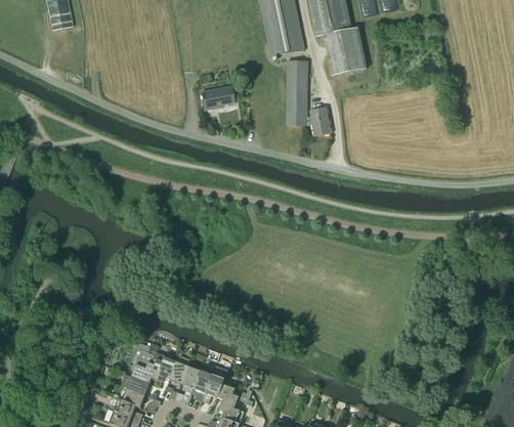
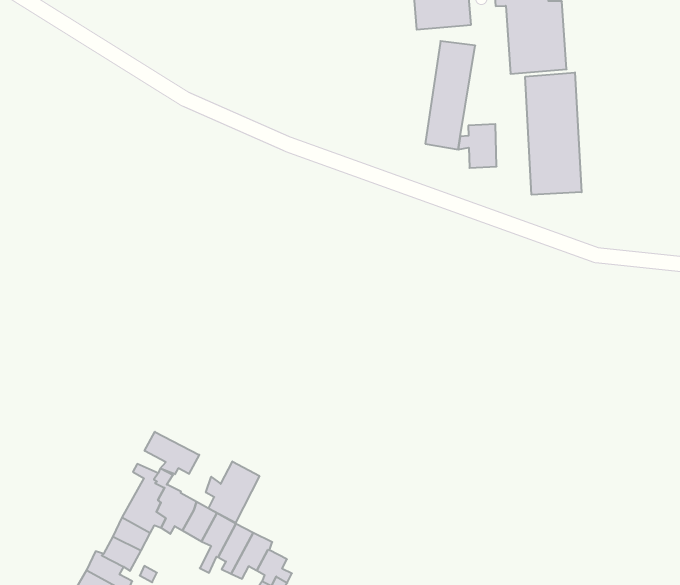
building: none -> [525,72,582,195]
building: [201,86,234,110] -> none
building: none -> [145,432,199,474]
building: none -> [206,461,259,523]

